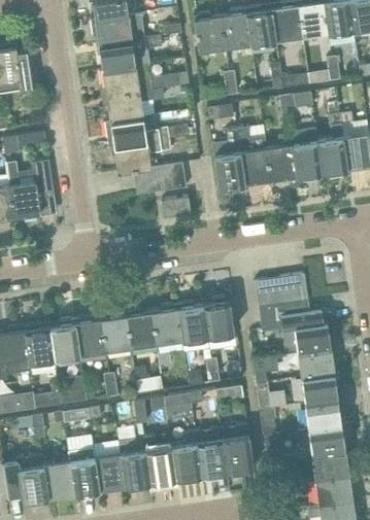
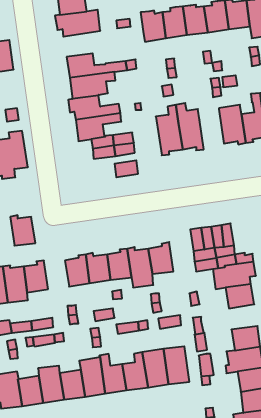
building: [99,37,162,71] -> none
building: [266,135,296,184] -> none
building: [75,318,106,355] -> [10,215,35,246]
building: [302,374,337,405] -> none

